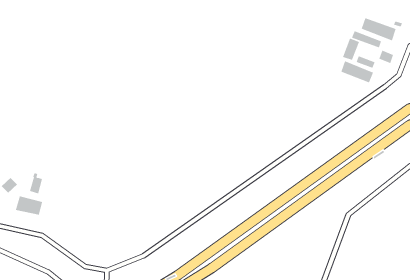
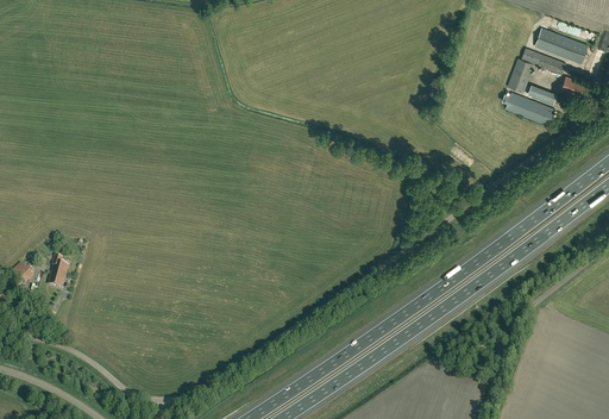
building: [15,195,43,216] -> none

